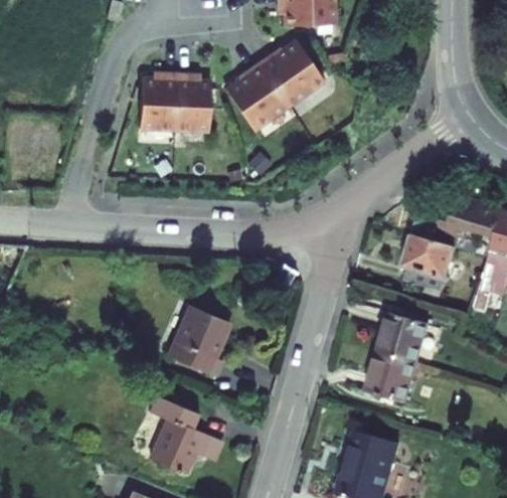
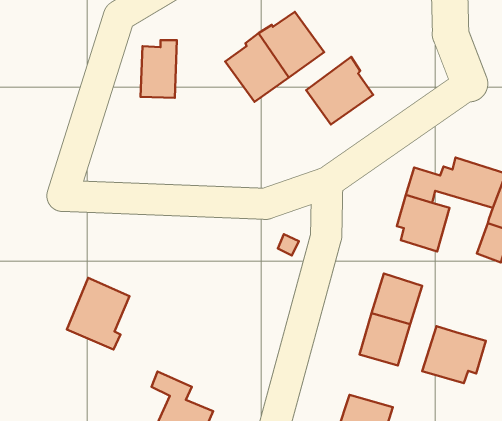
building: [178,71,213,130] -> none
building: none -> [306,57,373,124]
building: [174,310,236,381] -> [67,278,130,350]
building: none -> [422,326,486,383]

